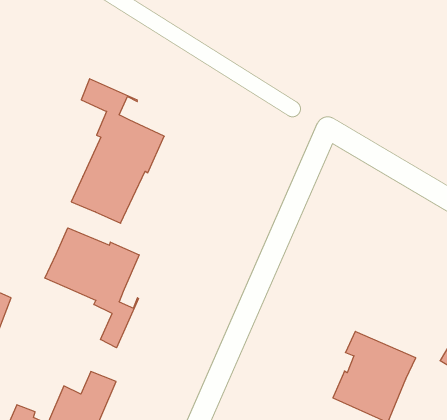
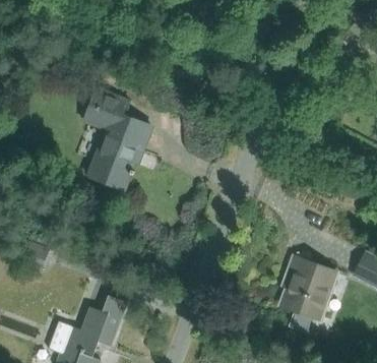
building: [45,228,139,348] -> none

